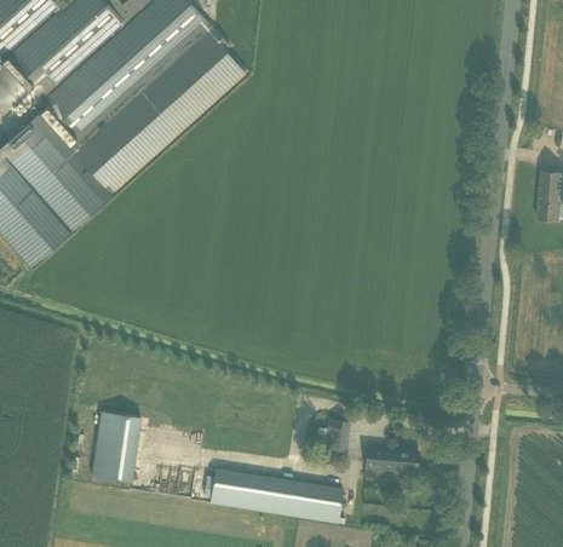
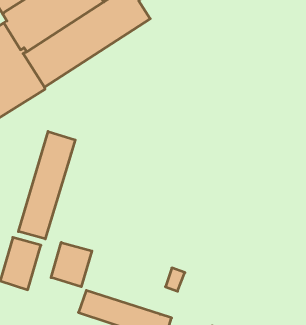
building: none -> [18,131,75,239]
building: none -> [51,242,92,287]
building: [364,447,416,479] -> none

